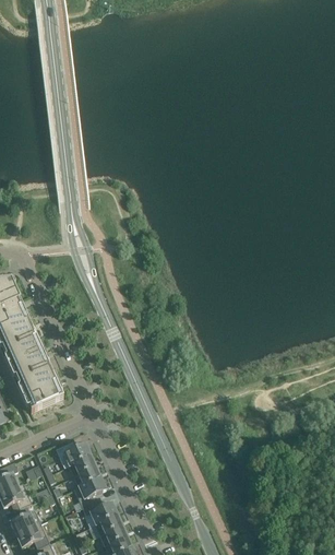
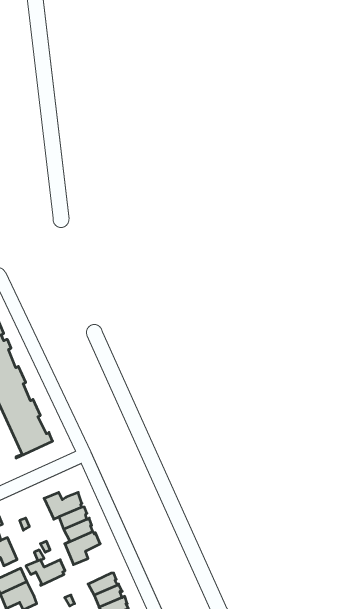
building: [82,501,117,524] -> [26,560,65,585]

